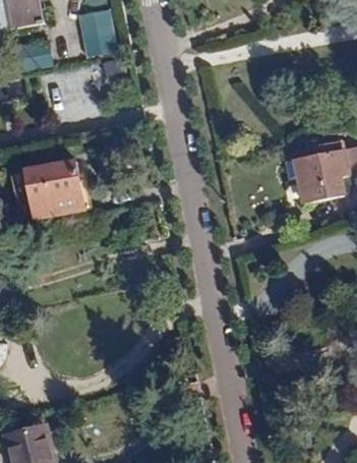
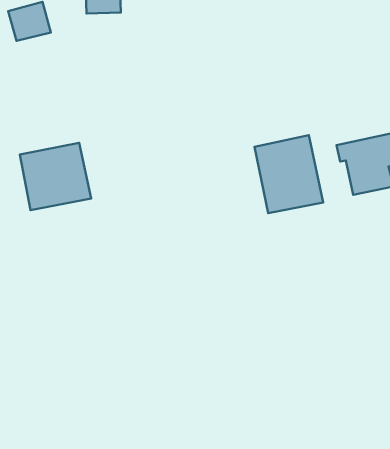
building: none -> [254,135,323,213]

